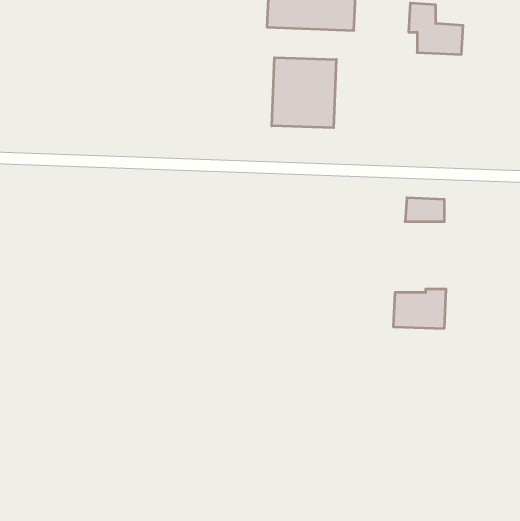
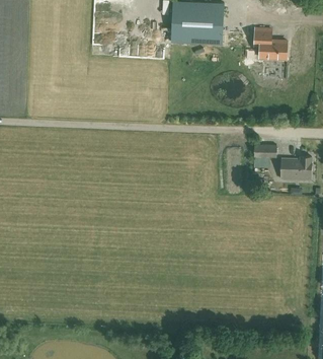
building: [272,58,336,128] -> none
building: [393,289,446,328] -> [279,157,311,181]

